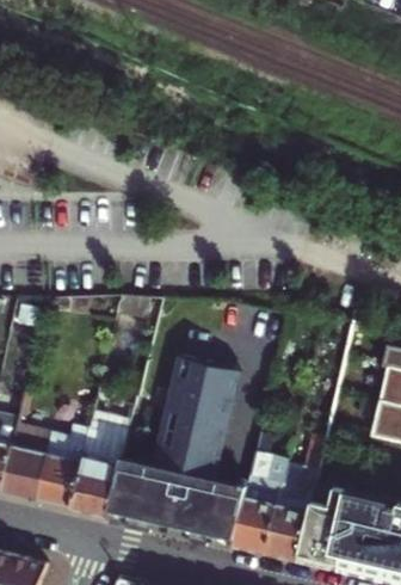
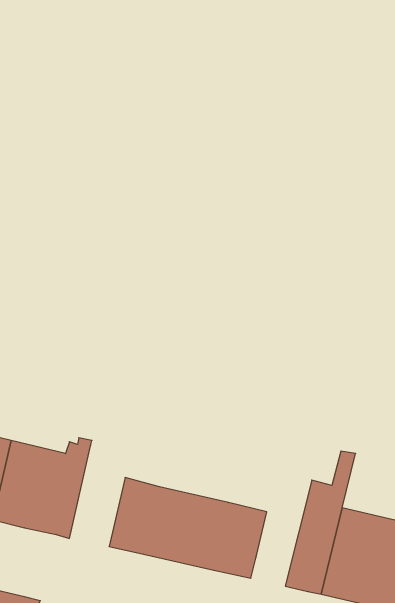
building: [150,356,239,478] -> none
building: [69,396,131,517] -> none
building: [233,430,288,553] -> none

